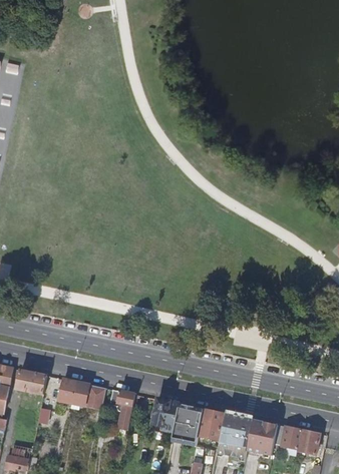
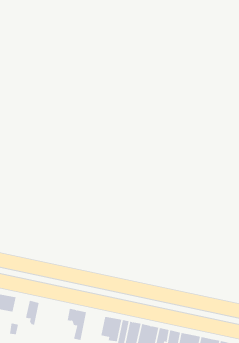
building: [70,382,106,413] -> none

